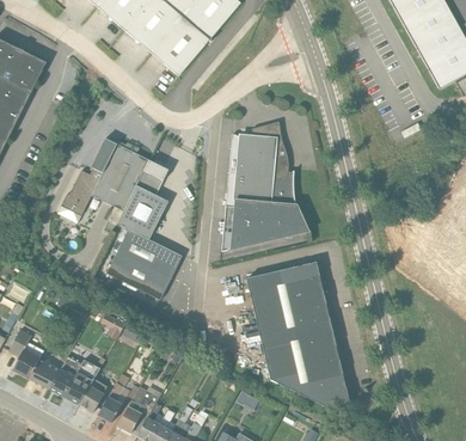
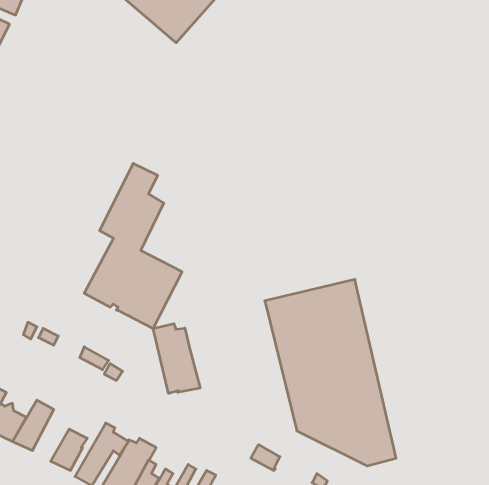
building: [222,122,308,253] -> none
building: [57,139,148,225] -> none
building: none -> [153,324,200,393]
building: [65,360,99,404] -> none

